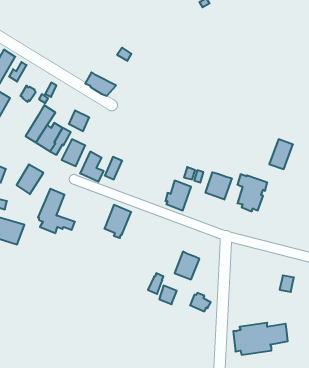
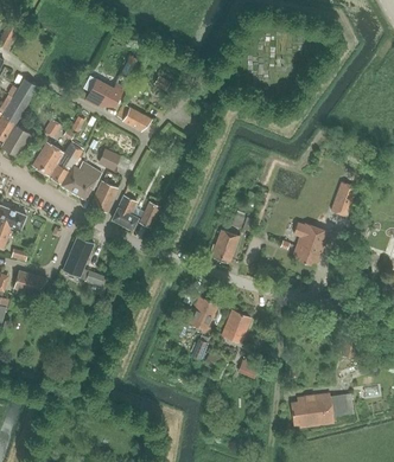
building: none -> [83,76,126,107]
building: [17,164,43,194] -> [33,143,64,178]
building: [206,172,232,200] -> none
building: [104,205,131,238] -> [189,296,220,334]

